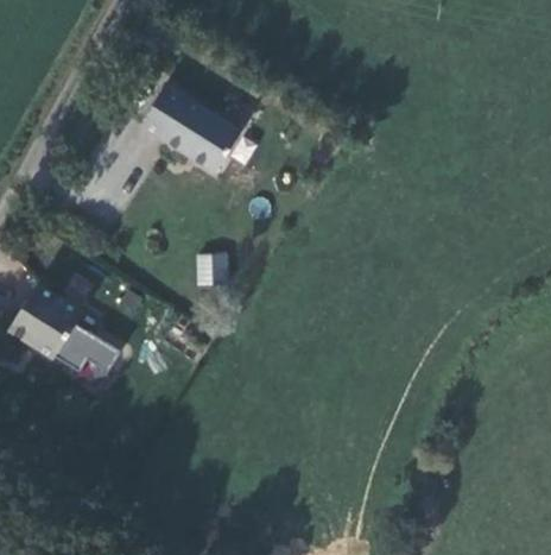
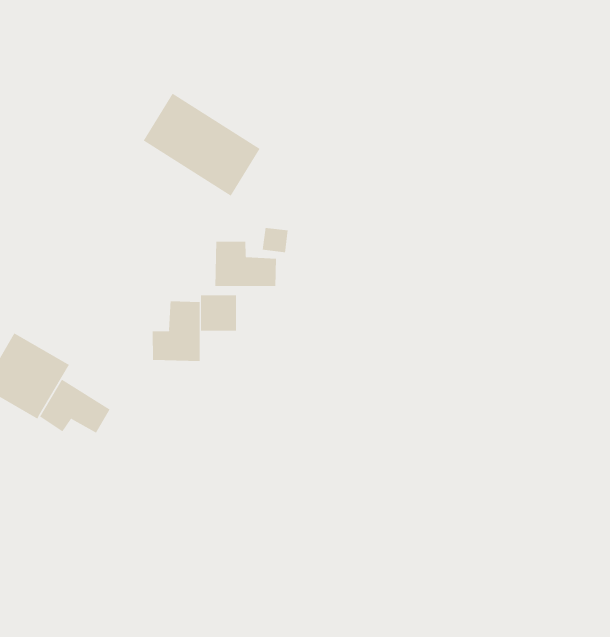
building: none -> [215,241,277,287]
building: none -> [152,301,200,362]

